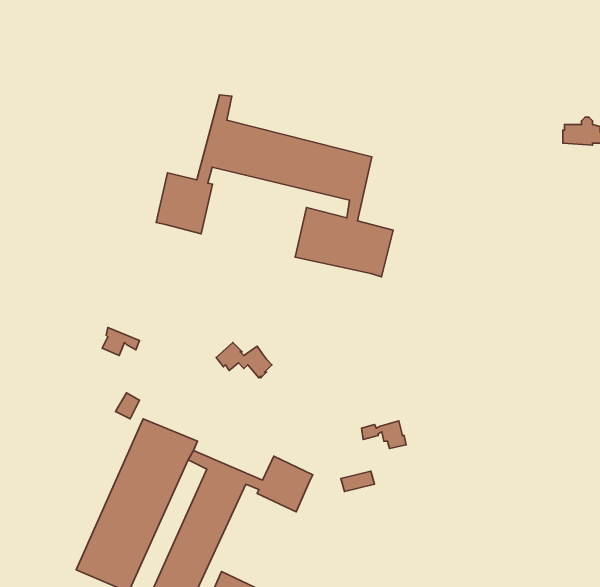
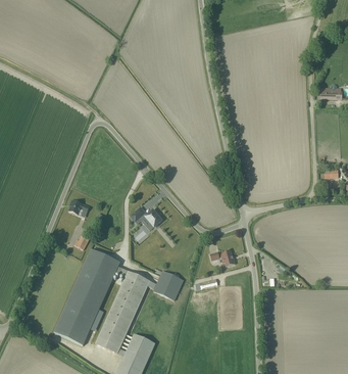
building: [156,95,393,277] -> none

